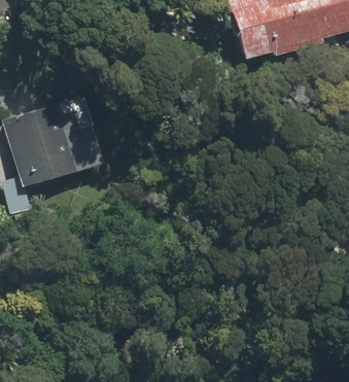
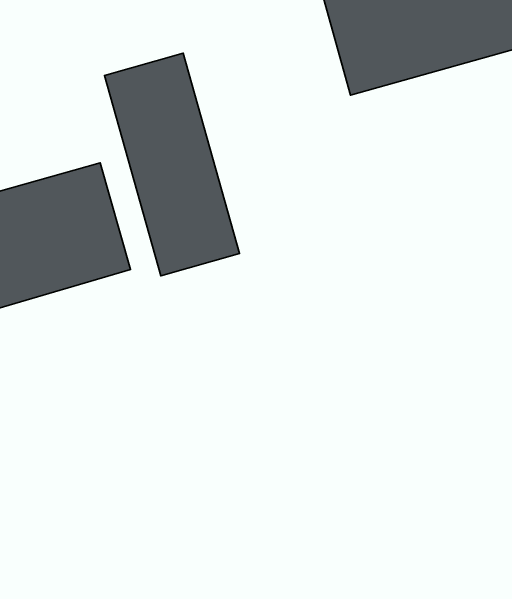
building: none -> [105,53,240,276]

